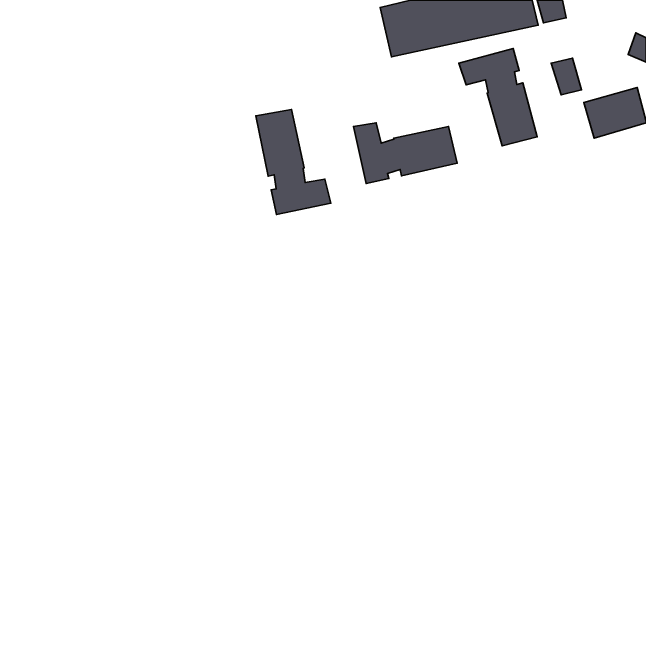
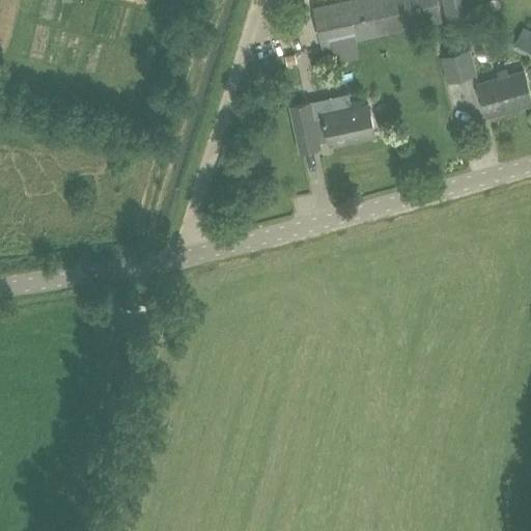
building: [459,48,537,146] -> none
building: [256,109,331,214] -> none

